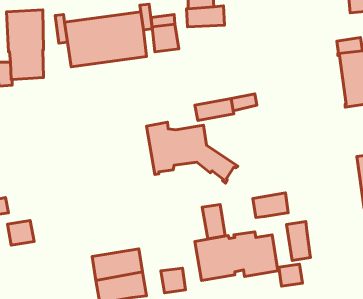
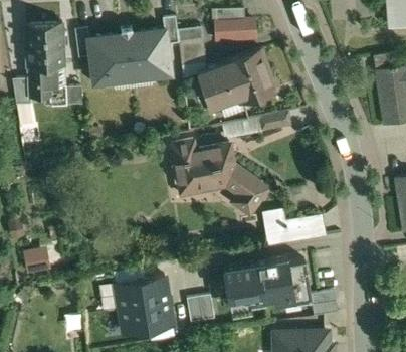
building: none -> [198,50,278,109]
building: [202,204,225,239] -> [264,210,288,246]
building: [286,221,311,260] -> none

